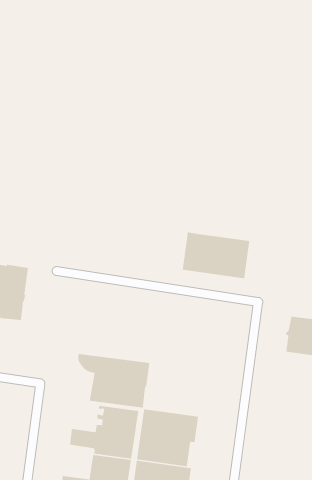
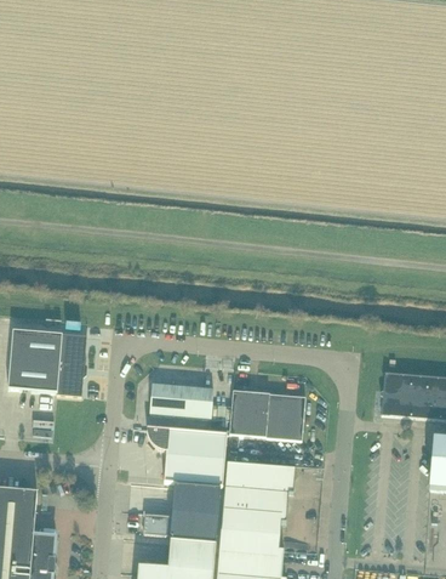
building: [182,232,250,279] -> [229,388,304,438]
building: none -> [149,381,212,416]
building: none -> [224,460,295,490]

